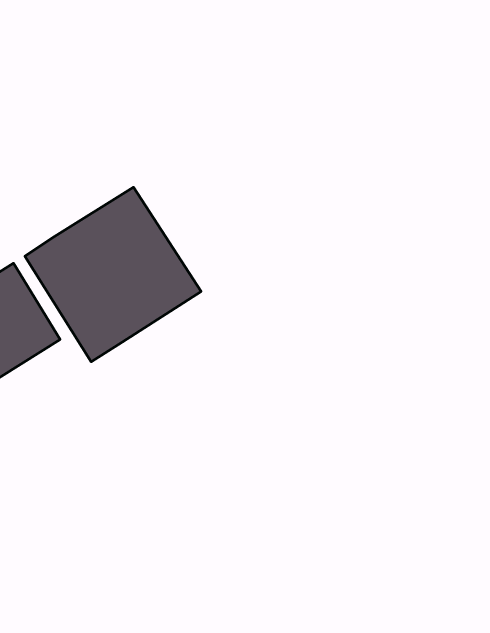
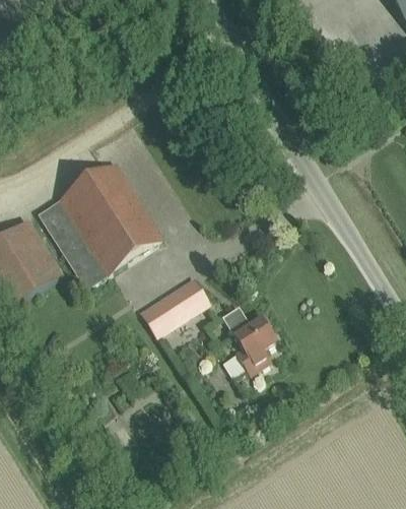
building: none -> [143,278,208,332]
building: none -> [221,307,277,374]

